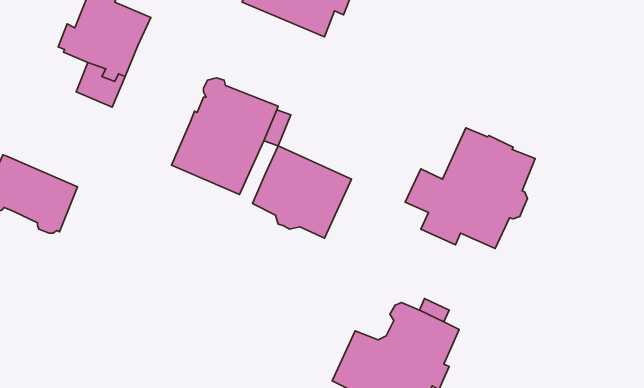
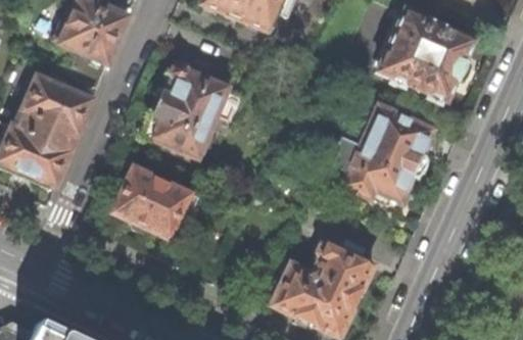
building: none -> [378,5,476,100]
building: none -> [15,74,94,149]
building: [252,146,351,238] -> [113,164,192,238]

